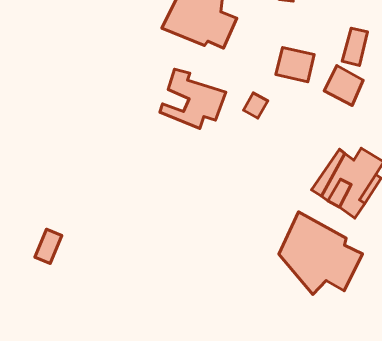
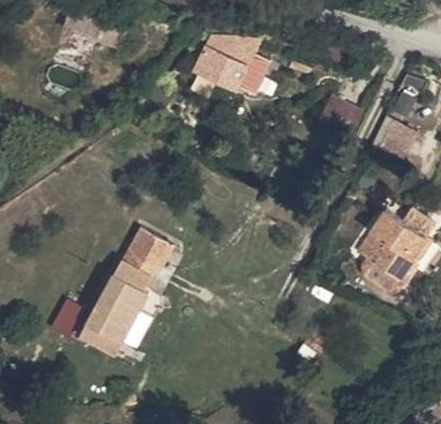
building: [160,69,226,128] -> none
building: none -> [85,230,177,346]
building: [279,212,363,294] -> none

